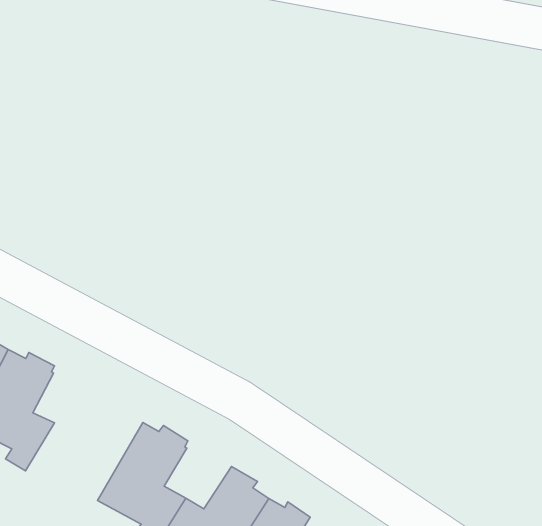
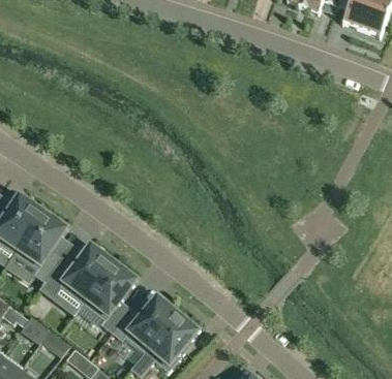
building: none -> [40,245,112,303]

